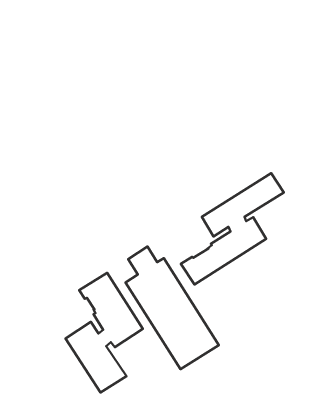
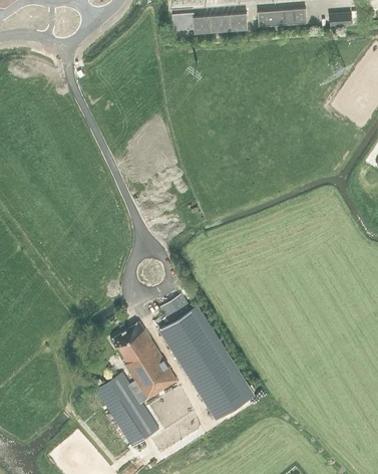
building: [181,173,284,284] -> none

